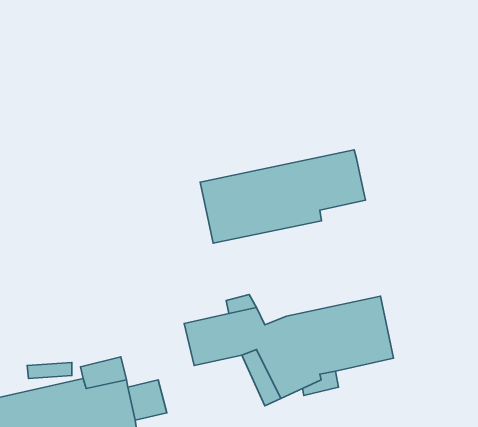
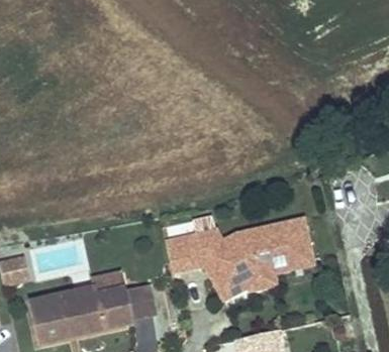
building: [200,150,366,243] -> none

